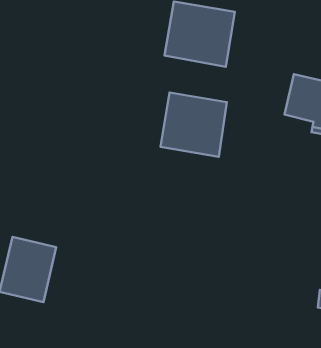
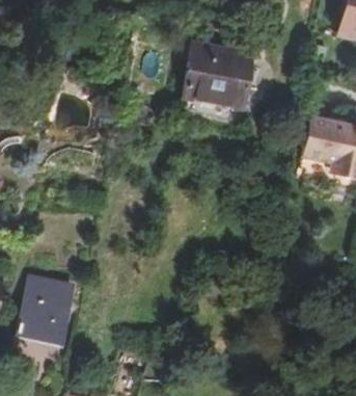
building: [160,92,227,157] -> none

